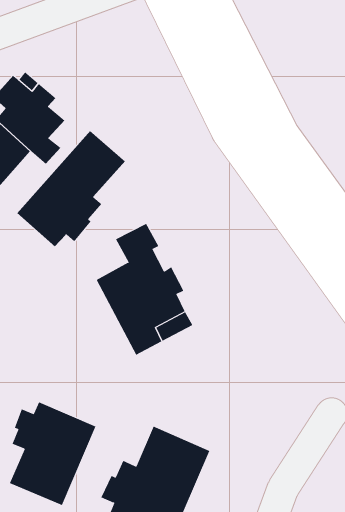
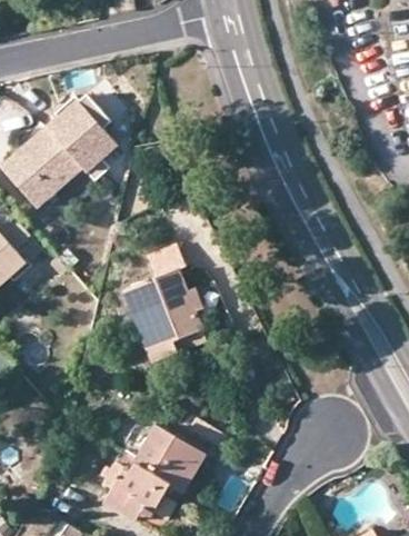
building: [17,130,126,247] -> none
building: [9,402,96,506] -> none

